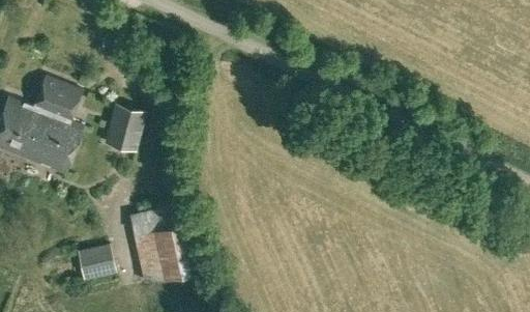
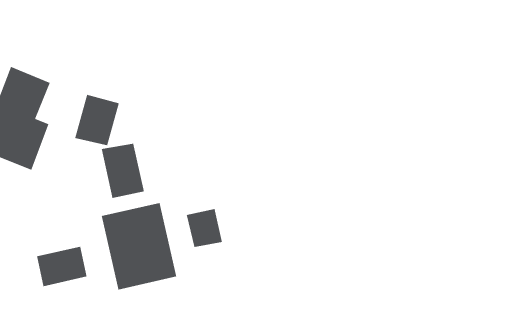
building: none -> [101,143,145,199]
building: none -> [186,208,223,248]

